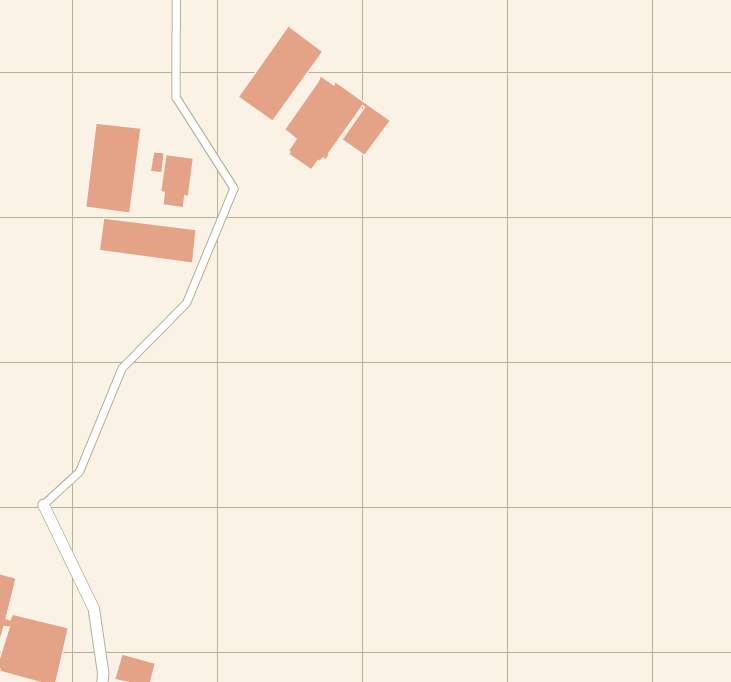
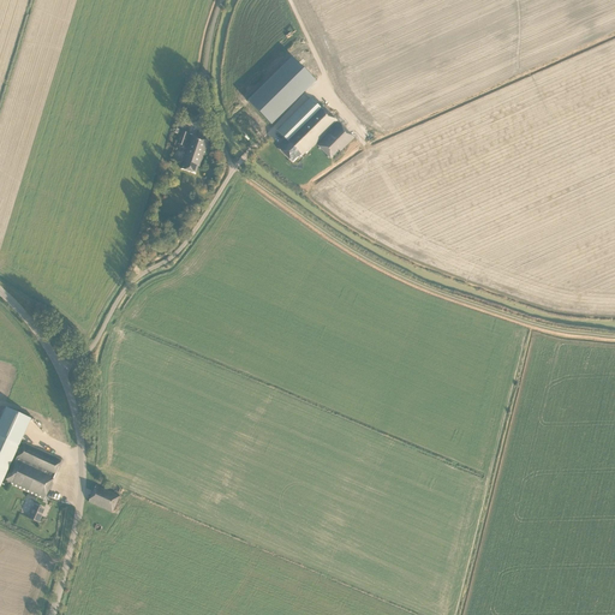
building: [86,123,141,213] -> none
building: [100,218,196,263] -> none

